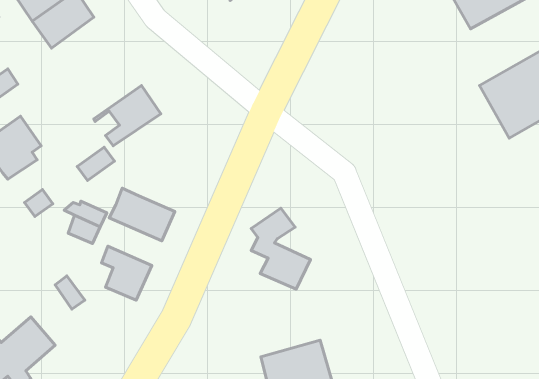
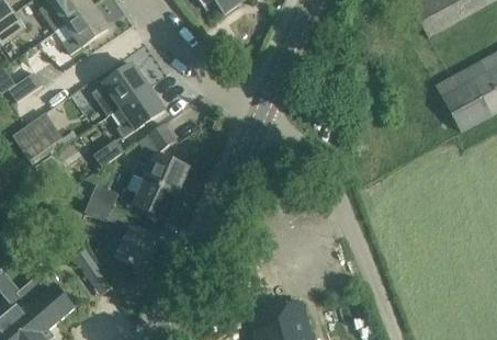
building: none -> [92,64,148,114]
building: [251,208,310,289] -> [138,124,189,193]

